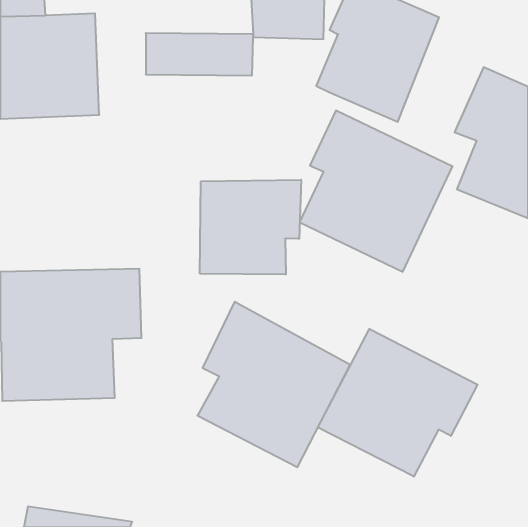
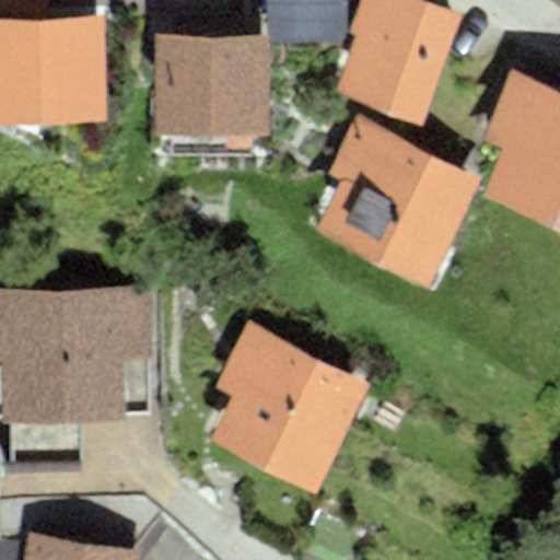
building: none -> [153,79,267,136]
building: [200,180,301,275] -> none
building: [318,329,478,477] -> none

